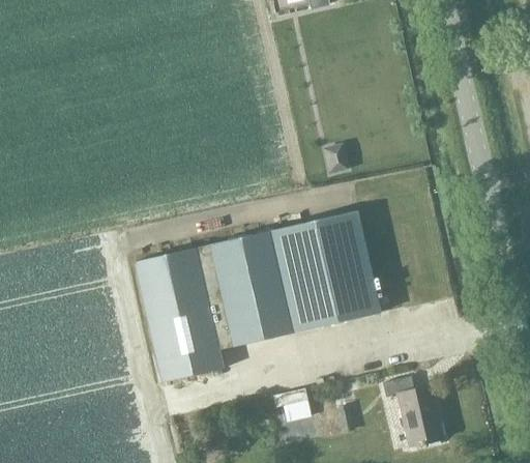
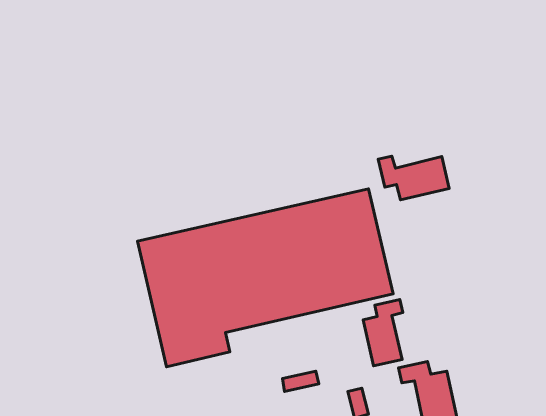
building: none -> [378,156,449,200]
building: none -> [363,300,403,366]

